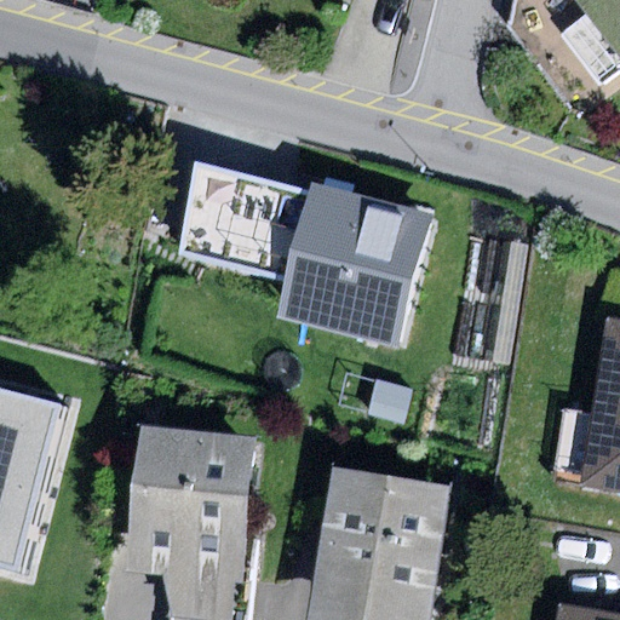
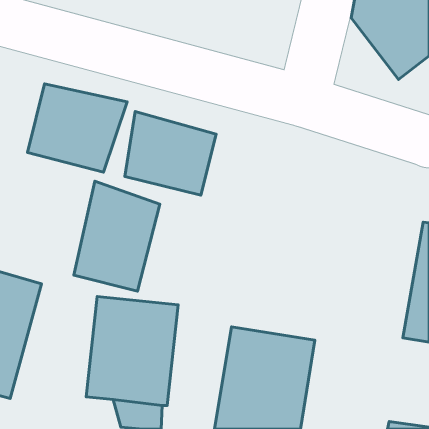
building: none -> [27,84,127,172]
building: [279,182,435,348] -> none
building: none -> [74,181,160,291]

